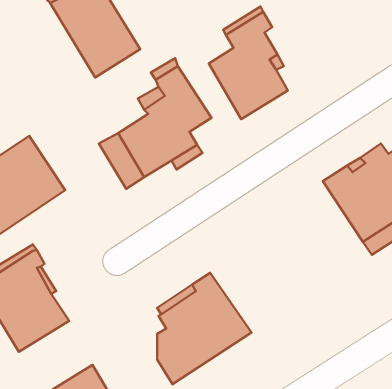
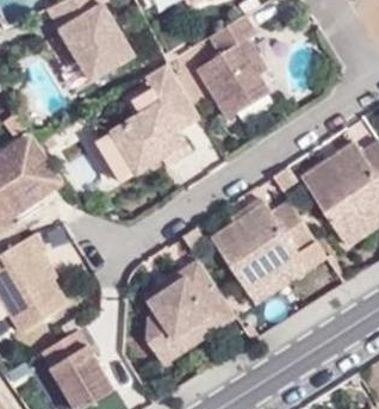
building: none -> [210,199,315,293]

